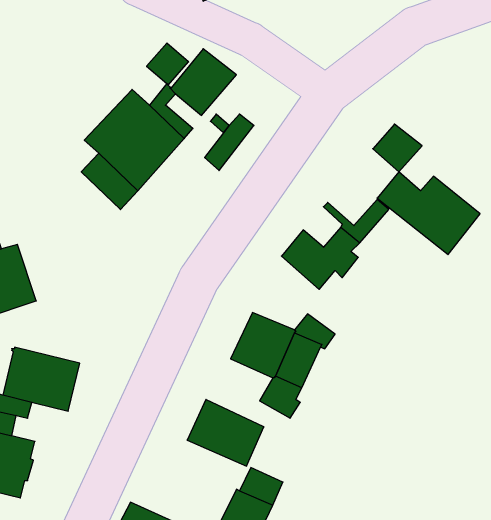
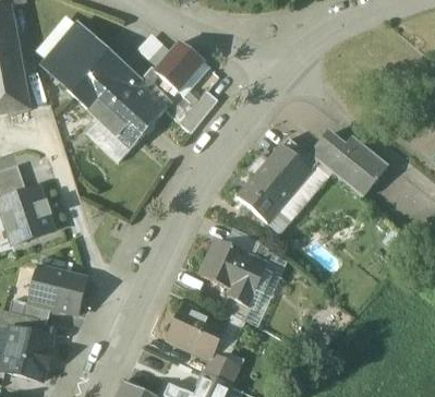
building: none -> [41,22,125,109]
building: [373,124,422,172] -> [273,137,310,173]
building: none -> [246,153,283,190]

